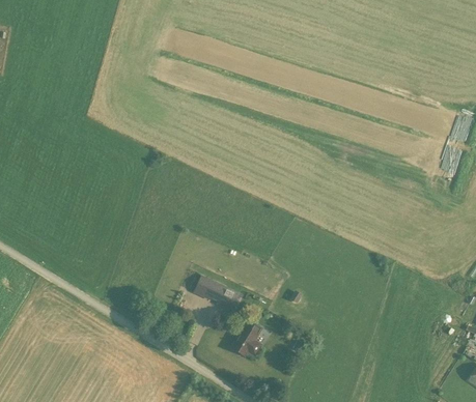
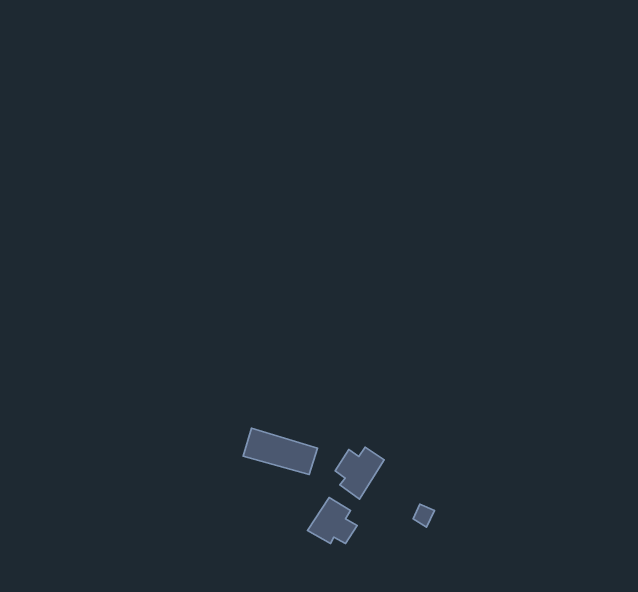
building: none -> [335,447,384,499]

